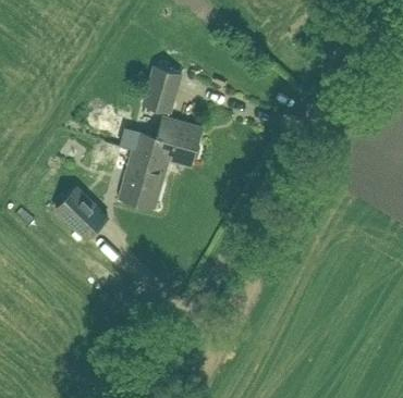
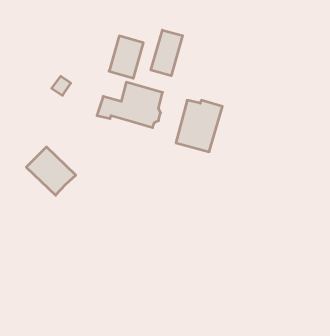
building: none -> [151,30,183,76]
building: [118,152,168,208] -> [176,100,222,152]

